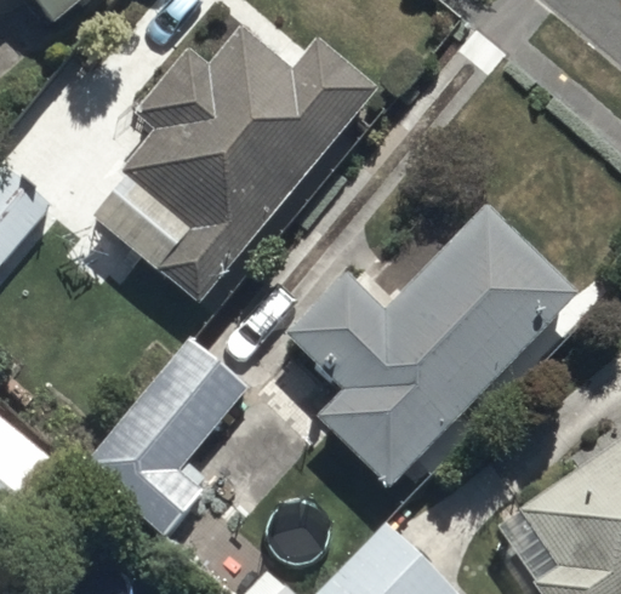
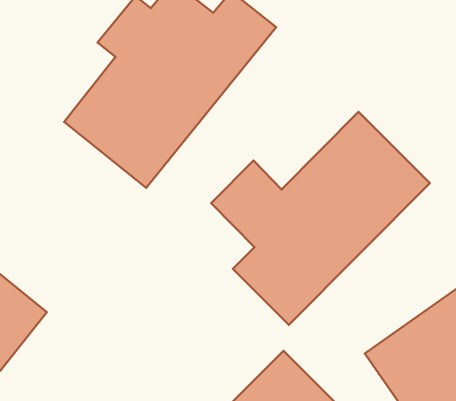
building: [75,336,249,541] -> none

